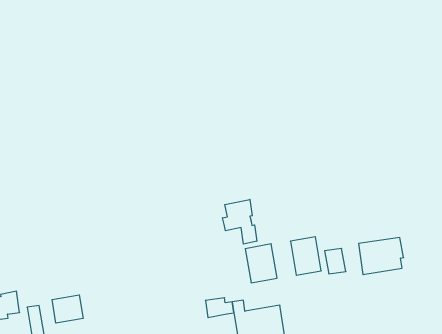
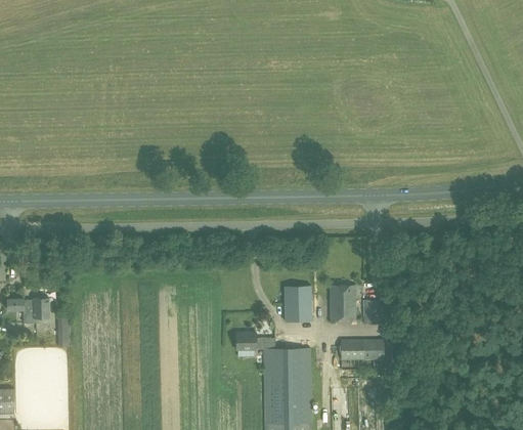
building: [223,199,257,244] -> none
building: [359,238,404,275] -> [341,339,384,371]
building: [52,295,83,323] -> none

